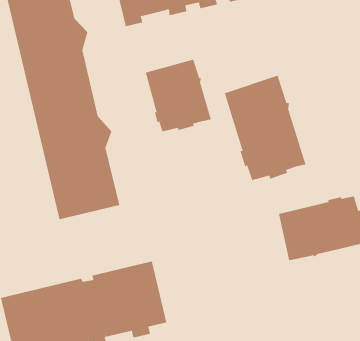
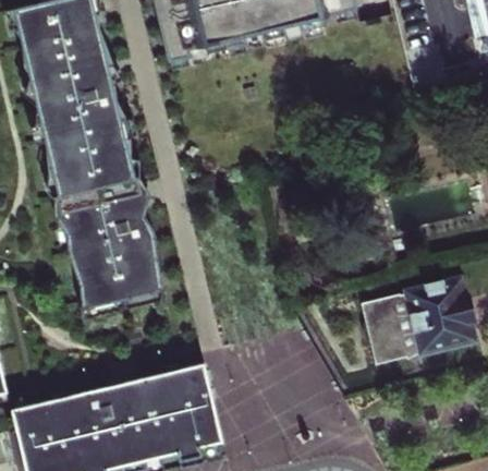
building: [145,59,212,132] -> none
building: [224,75,306,181] -> none

